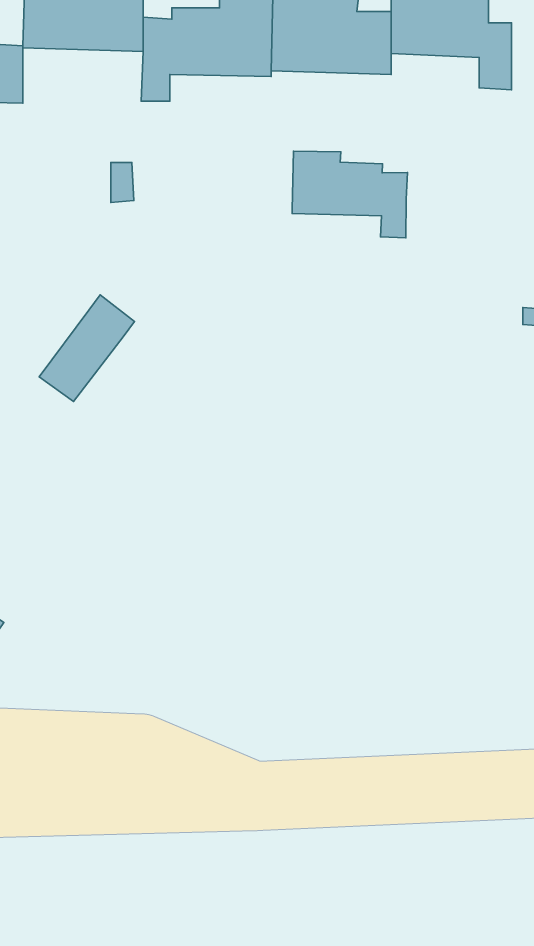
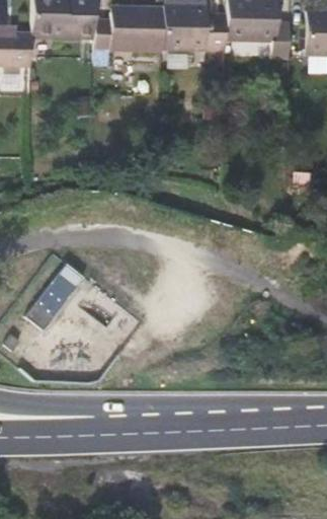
building: [292,151,407,238] -> none
building: [39,295,134,402] -> [34,262,85,318]

